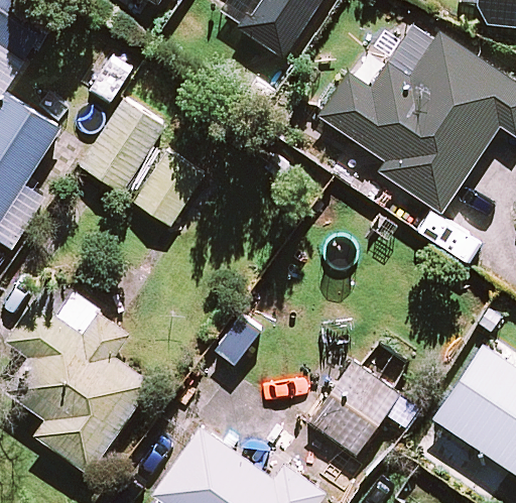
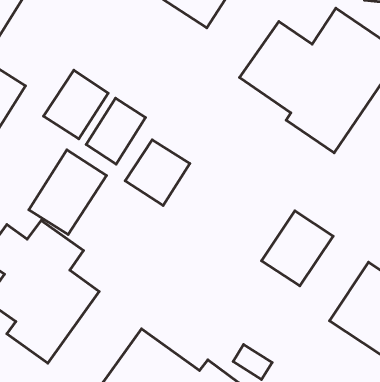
building: none -> [125,140,190,205]
building: none -> [29,150,106,234]
building: [309,362,398,455] -> [261,211,333,286]

